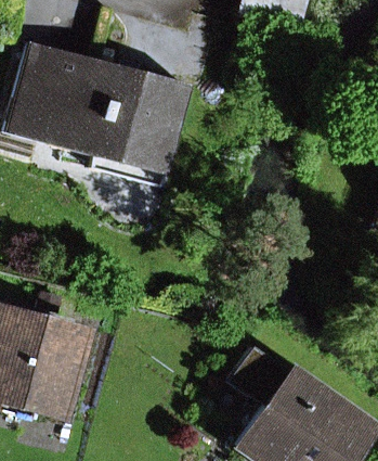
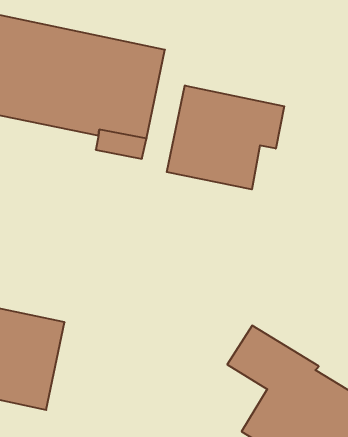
building: none -> [167,85,284,189]

